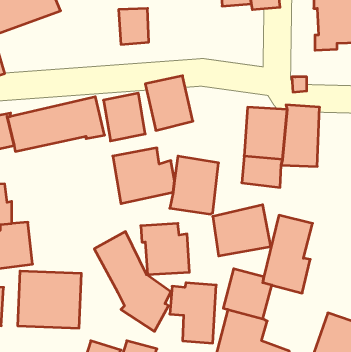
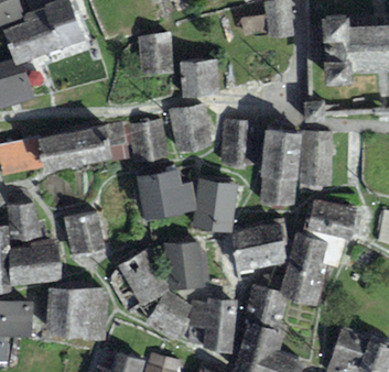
building: none -> [179,59,219,98]
building: none -> [221,119,257,164]
building: none -> [306,199,356,240]
building: none -> [63,210,105,255]

